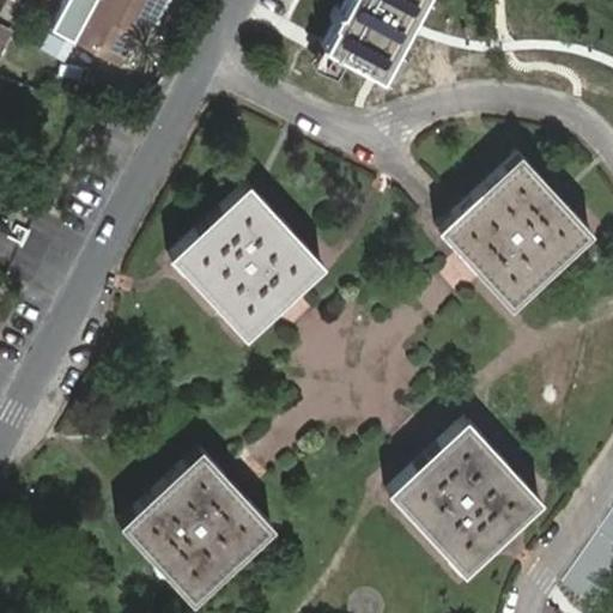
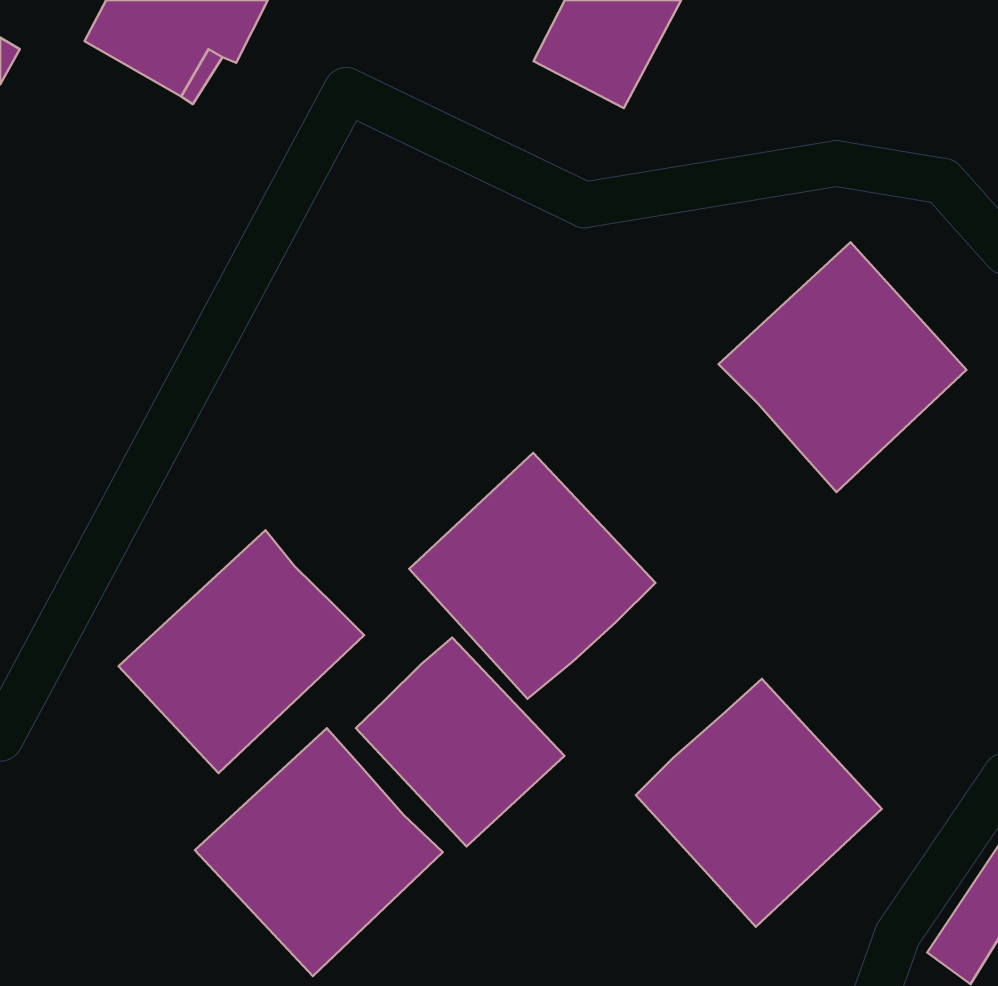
building: [175,190,324,340] -> [409,453,655,699]
building: none -> [118,530,364,773]
building: none -> [356,638,565,846]

